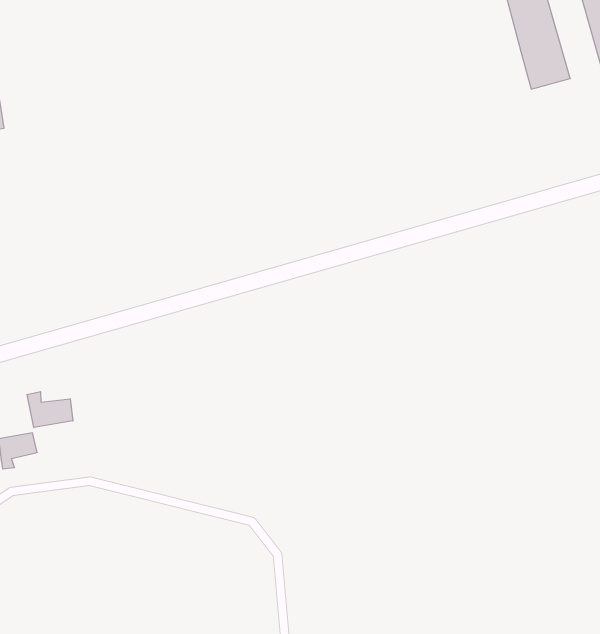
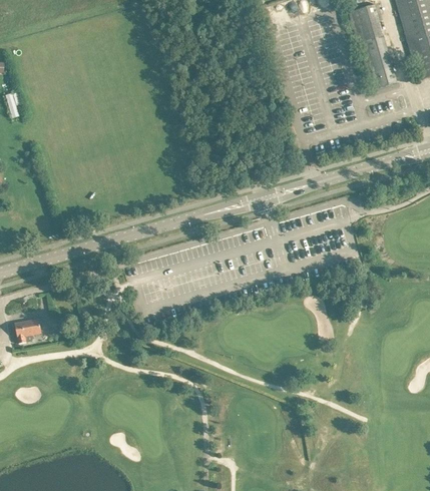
building: [27,392,73,428] -> none

